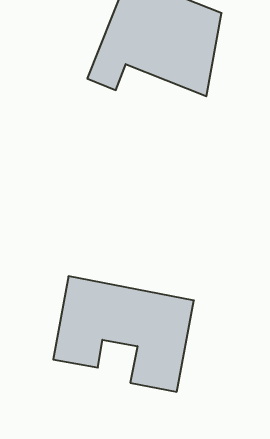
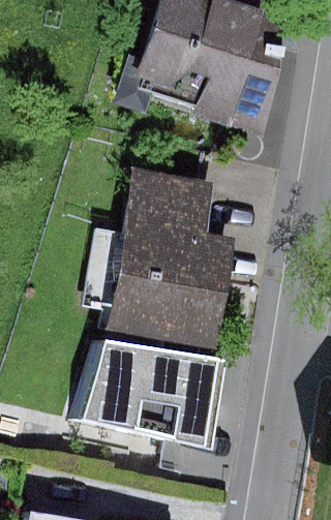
building: none -> [104,186,214,337]

